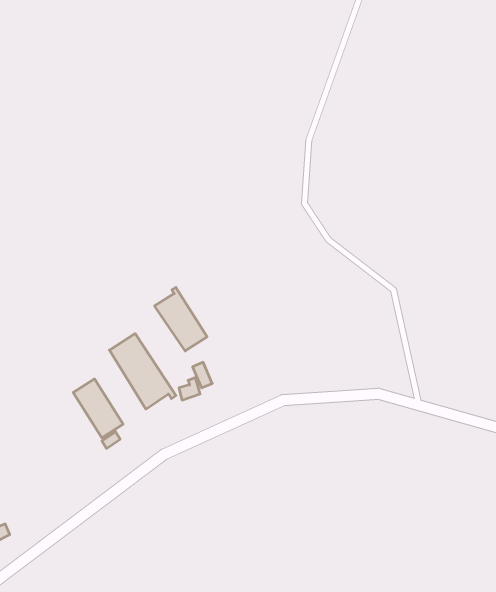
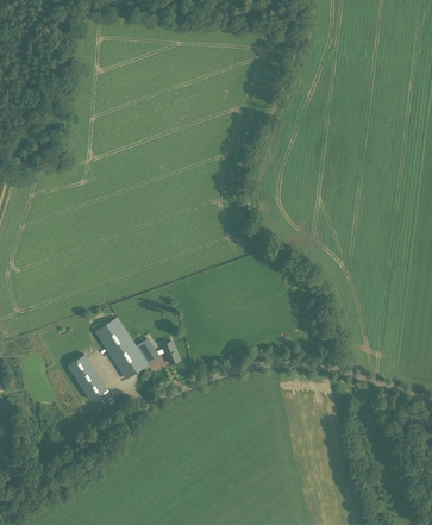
building: [155,287,207,351] -> none

